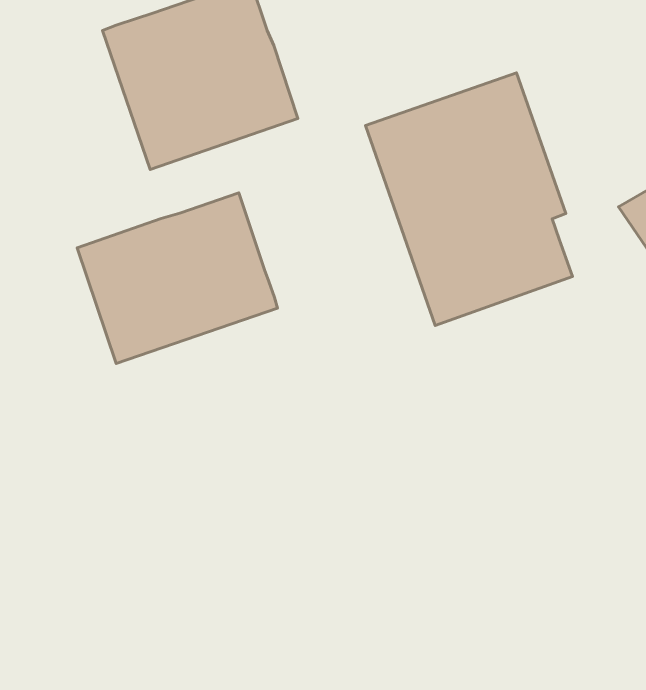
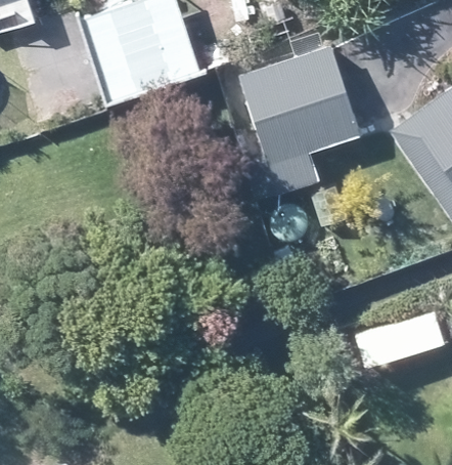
building: [77,193,278,364] -> none

